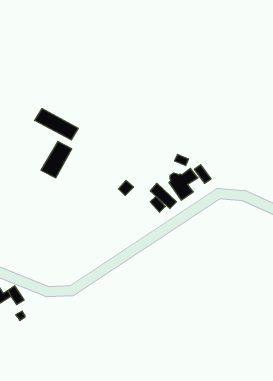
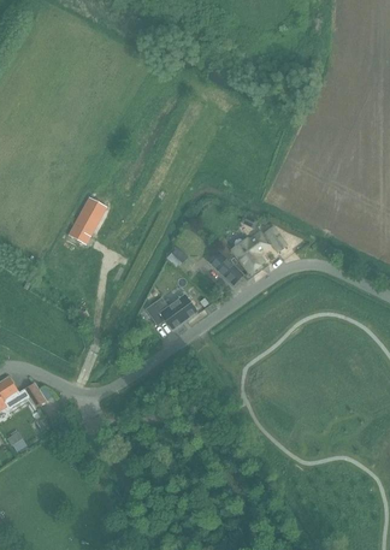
building: [35,109,78,140] -> none
building: none -> [147,294,197,327]

